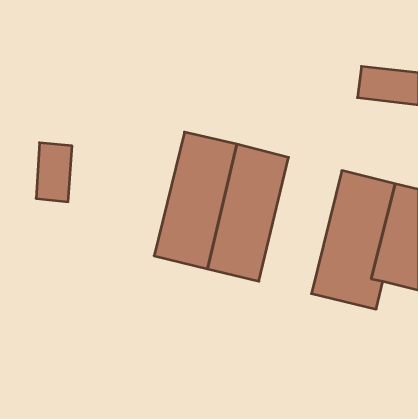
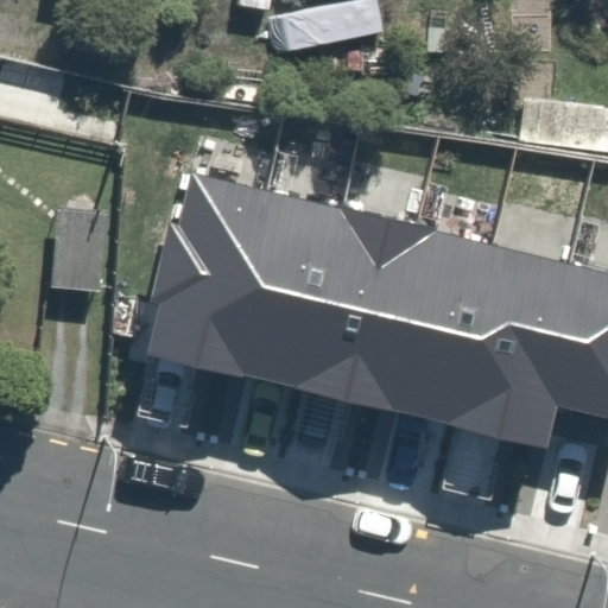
building: none -> [148,172,268,370]
building: none -> [376,228,496,425]

